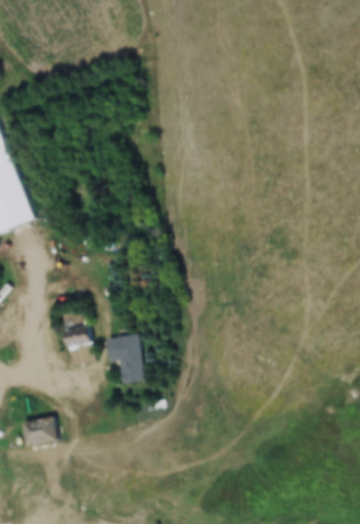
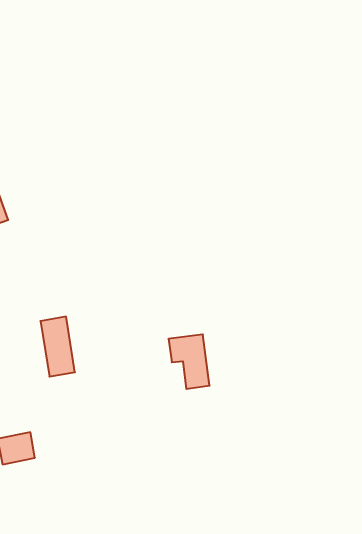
building: [106,334,144,384] -> [168,334,210,389]

